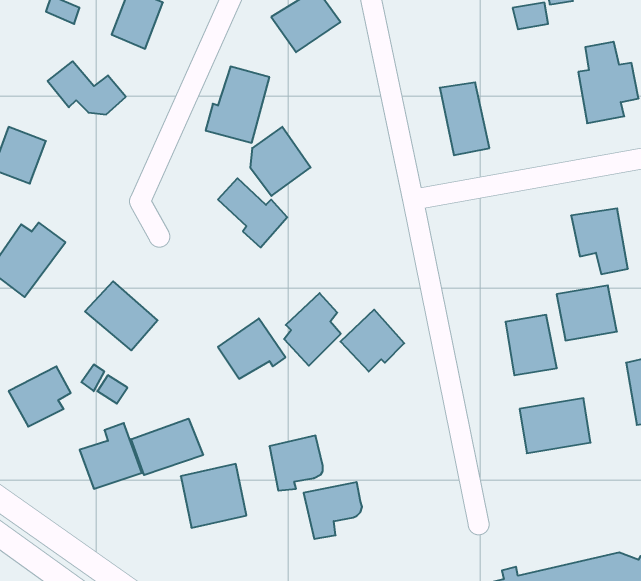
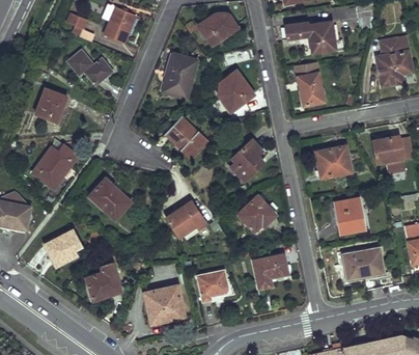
building: none -> [284,21,336,52]
building: [250,127,311,196] -> [218,71,253,111]
building: [557,285,617,340] -> [315,145,351,178]
building: [284,293,341,366] -> [230,139,263,182]
building: [131,419,203,475] -> none
building: [304,482,362,539] -> [253,254,287,288]

